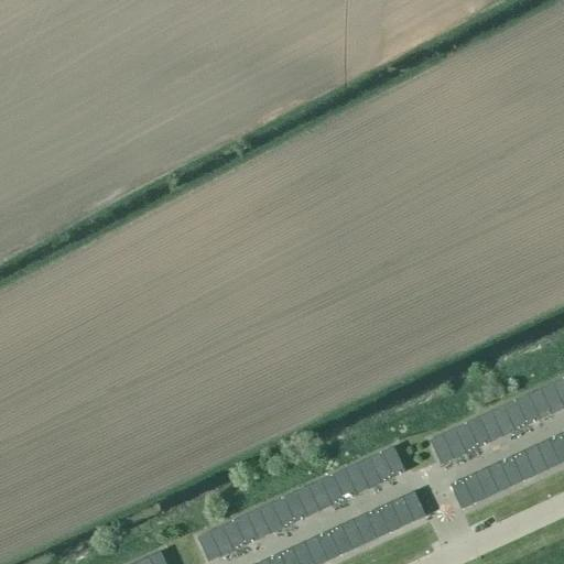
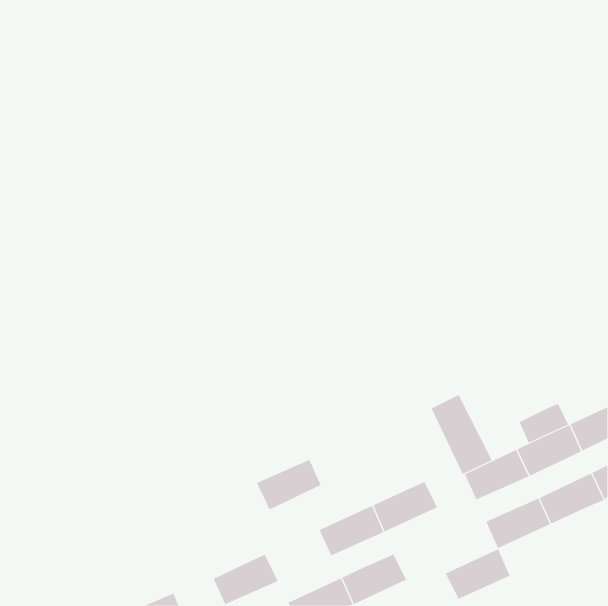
building: none -> [431,394,492,475]
building: none -> [519,403,569,444]
building: [365,490,425,538] -> [445,548,510,600]
building: [246,491,306,539] -> [256,459,322,510]

